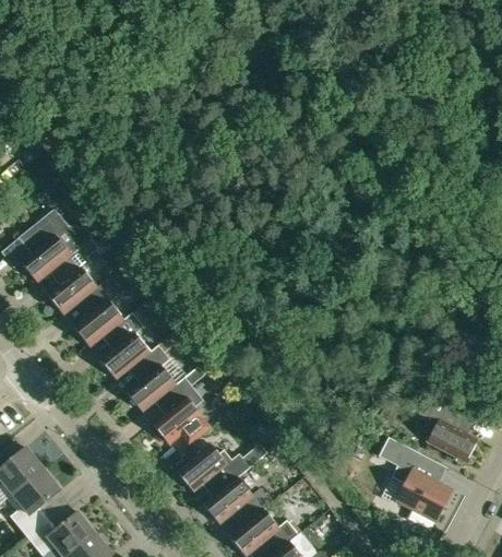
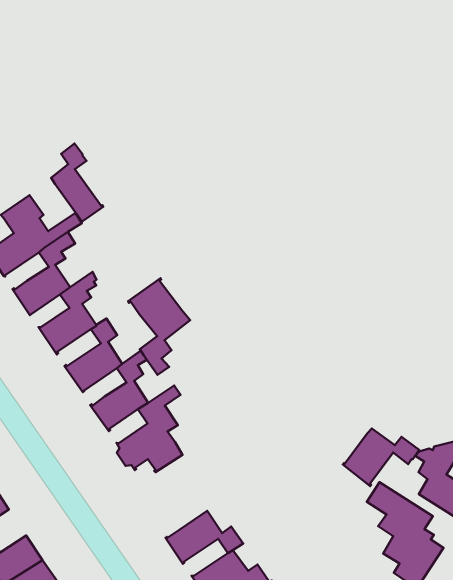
building: none -> [51,144,103,222]
building: none -> [128,278,190,375]
building: none -> [343,429,419,486]
building: [176,443,264,495] -> none

